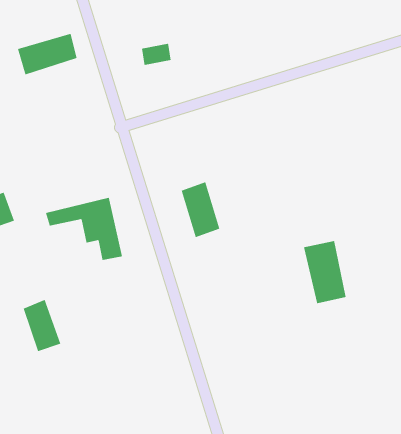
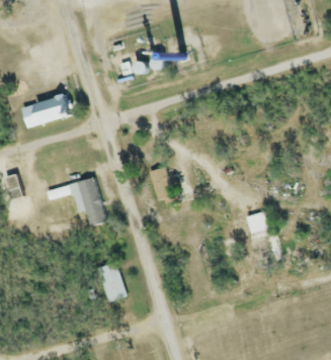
building: [17,33,78,75] -> [24,93,71,125]
building: [23,299,61,352] -> [97,261,127,301]

